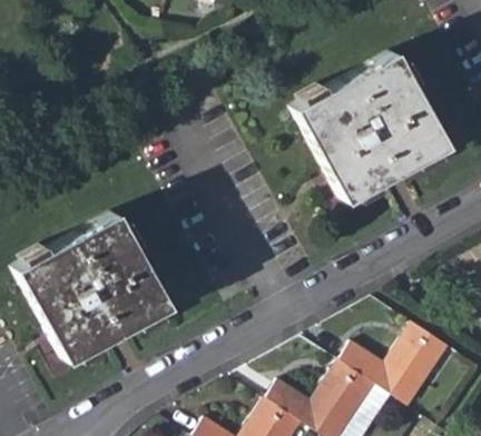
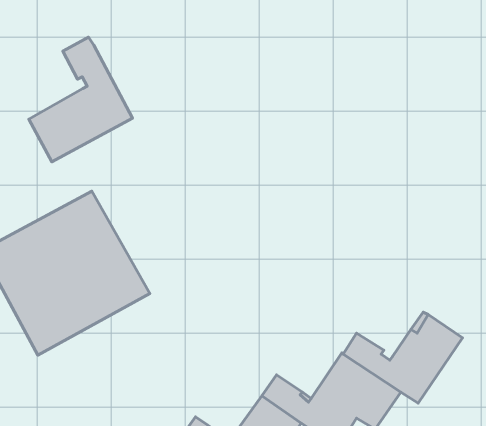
building: [291,51,442,199] -> none
building: none -> [29,37,133,162]

